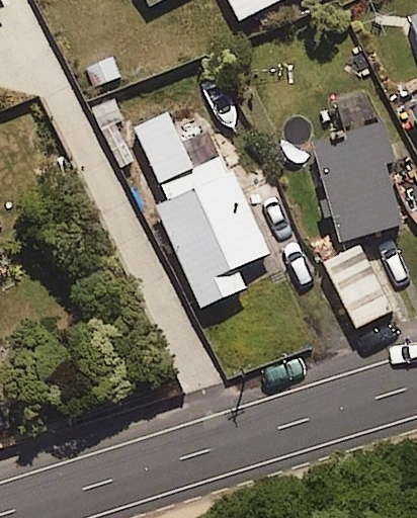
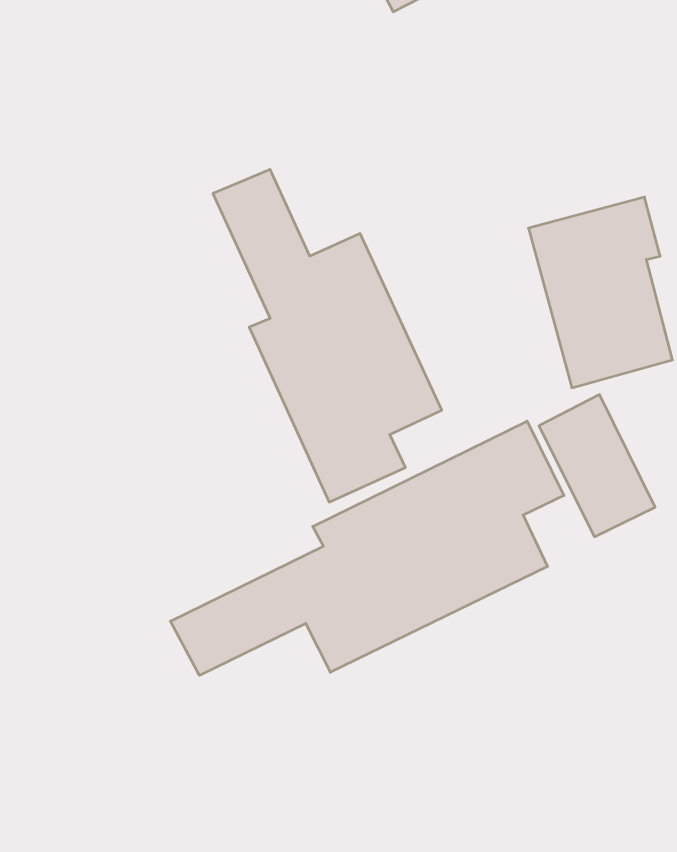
building: none -> [170,421,564,675]

